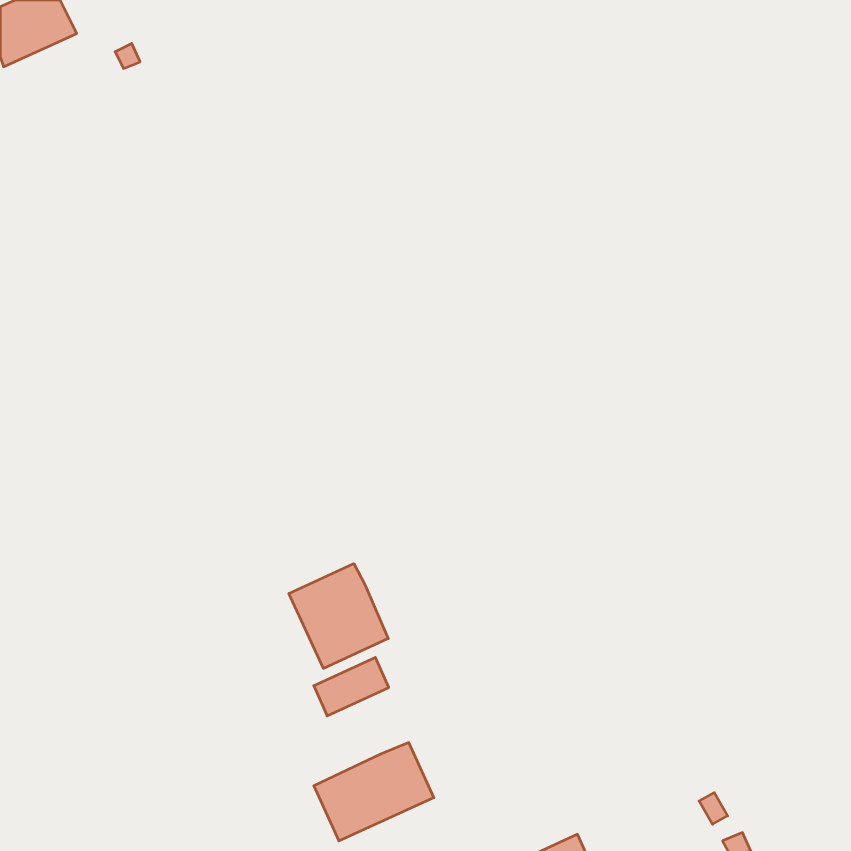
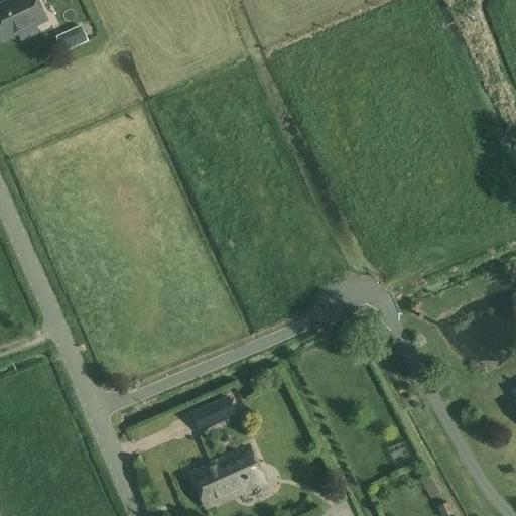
building: [289,564,388,668] -> none

